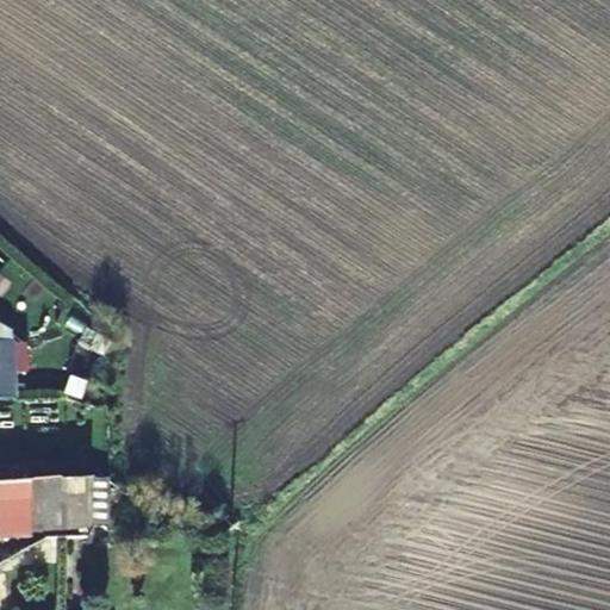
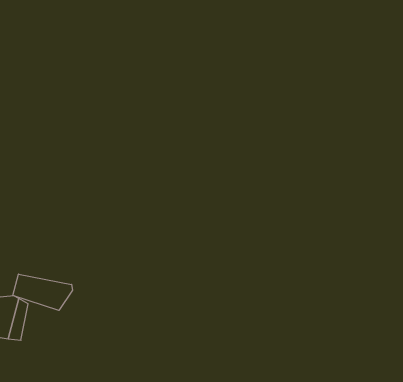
building: none -> [13,274,73,310]

